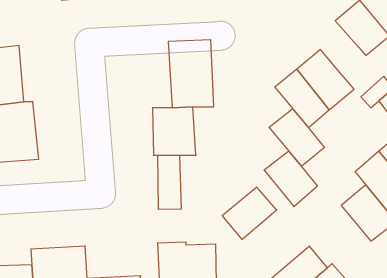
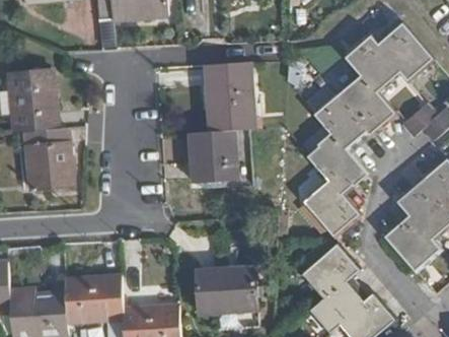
building: none -> [347,36,401,92]
building: [158,155,181,209] -> none
building: [222,187,277,239] -> [303,245,359,298]

